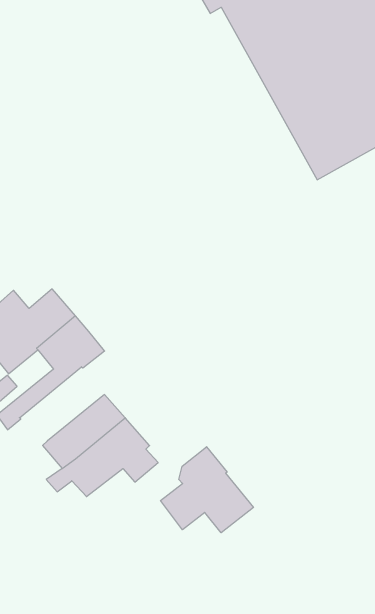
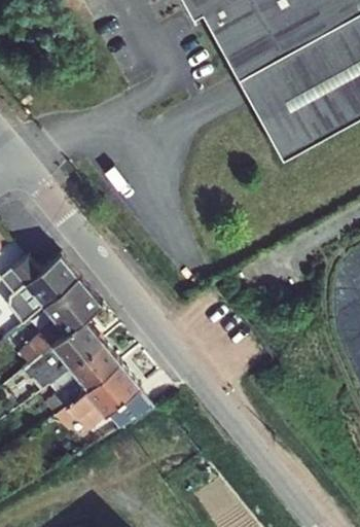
building: none -> [20,316,102,392]
building: [161,447,253,533] -> none

